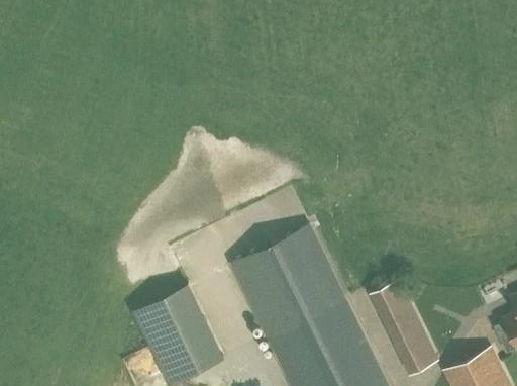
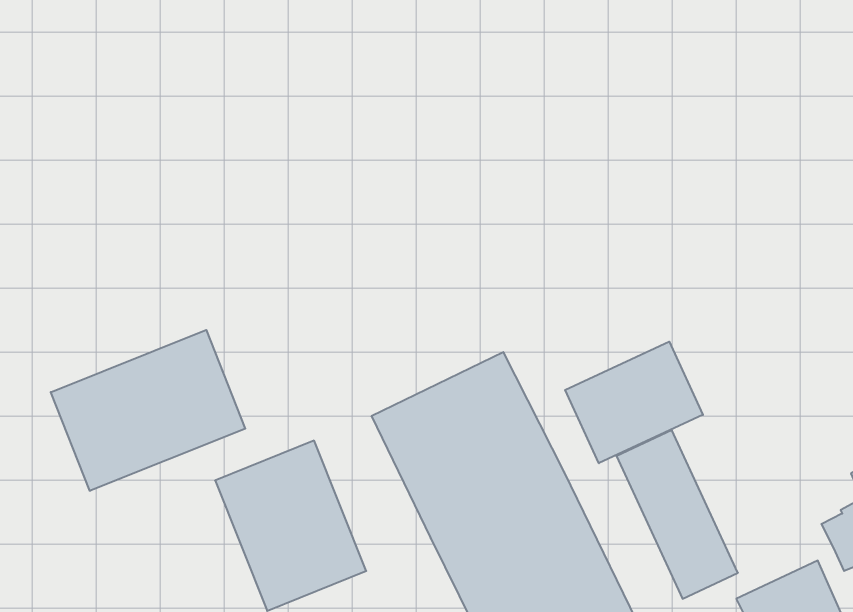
building: none -> [51,330,245,491]
building: none -> [565,342,703,463]

